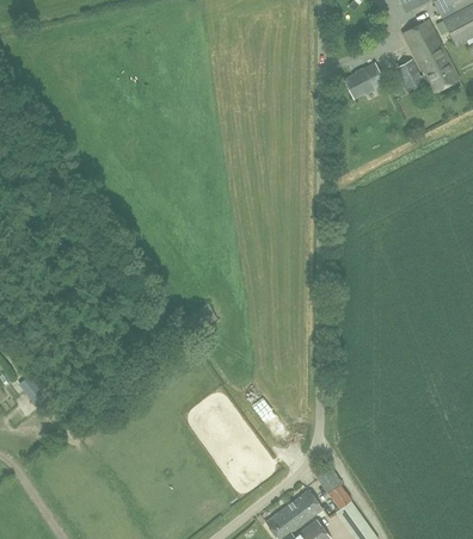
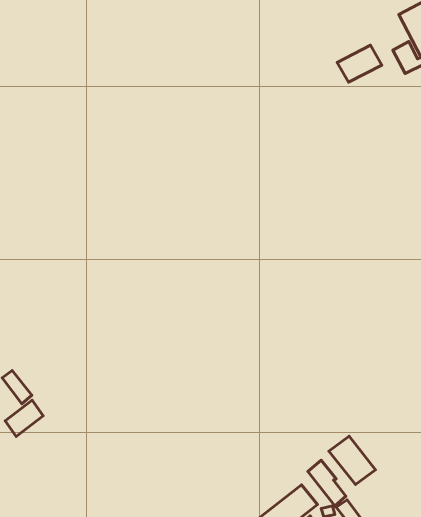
building: none -> [5,400,43,436]
building: none -> [329,436,376,485]

